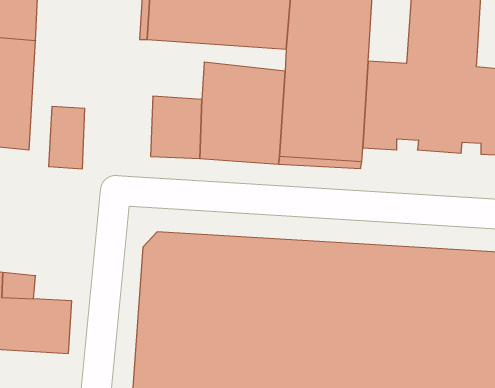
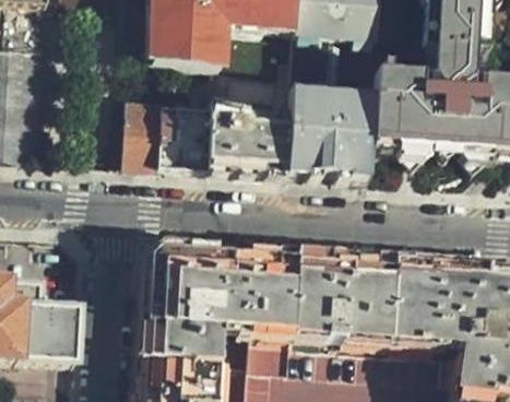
building: [49,106,85,169] -> [121,104,157,166]

